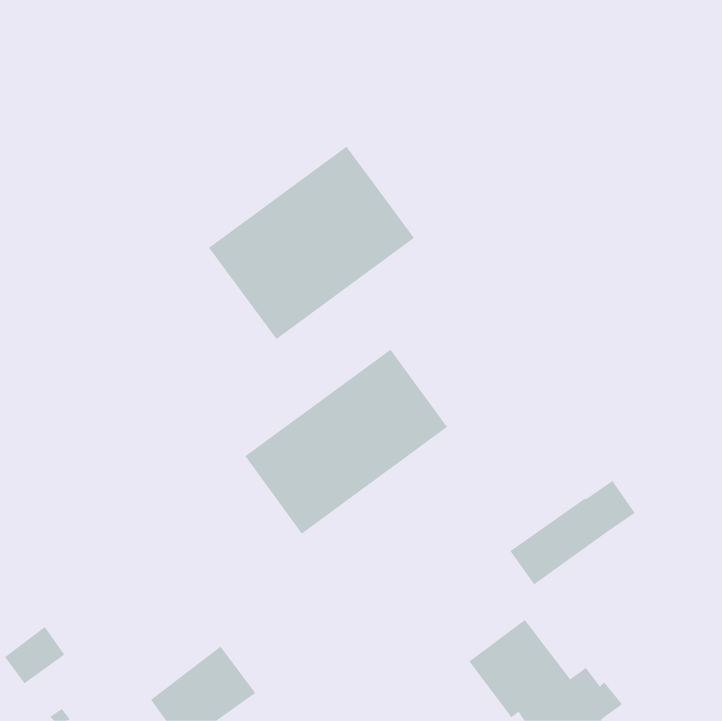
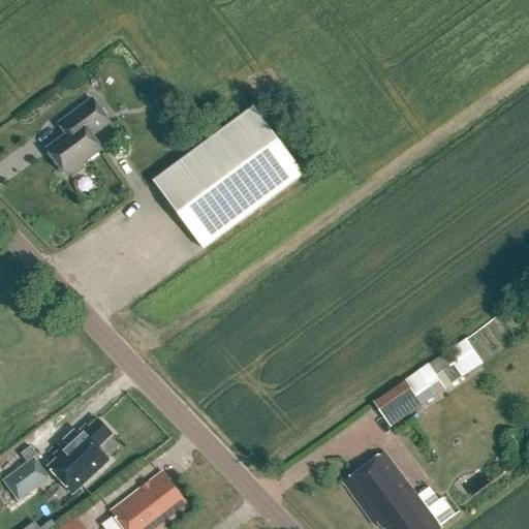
building: none -> [46,98,108,175]
building: [245,349,448,535] -> none
building: none -> [49,418,112,492]

